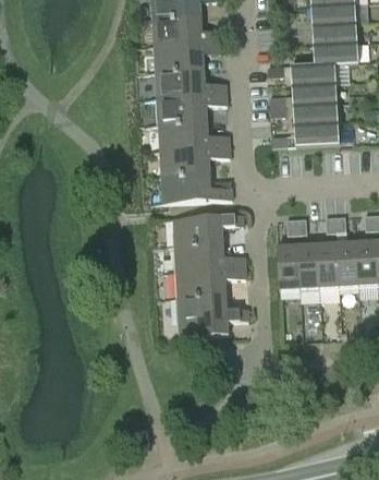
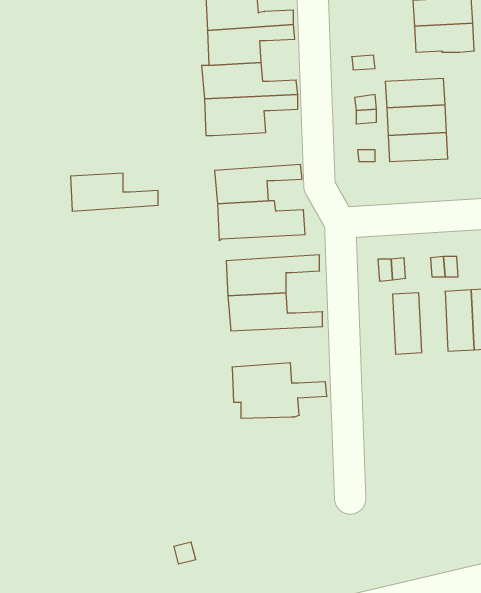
building: [291,61,349,84] -> none
building: [163,122,229,151] -> [71,173,158,211]
building: [317,241,339,287] -> none
building: [278,243,299,289] -> none
building: [176,267,246,298] -> none

